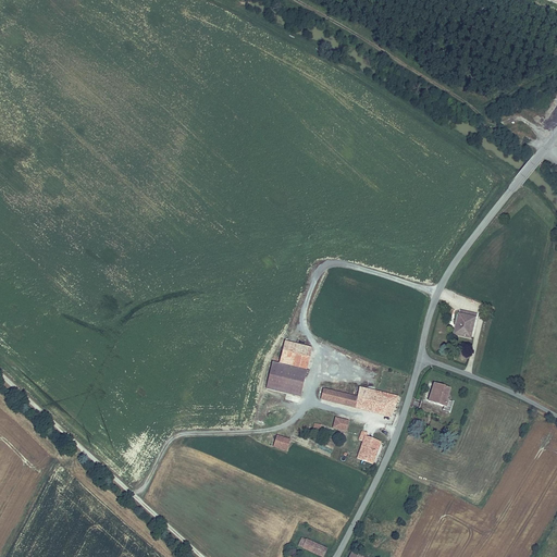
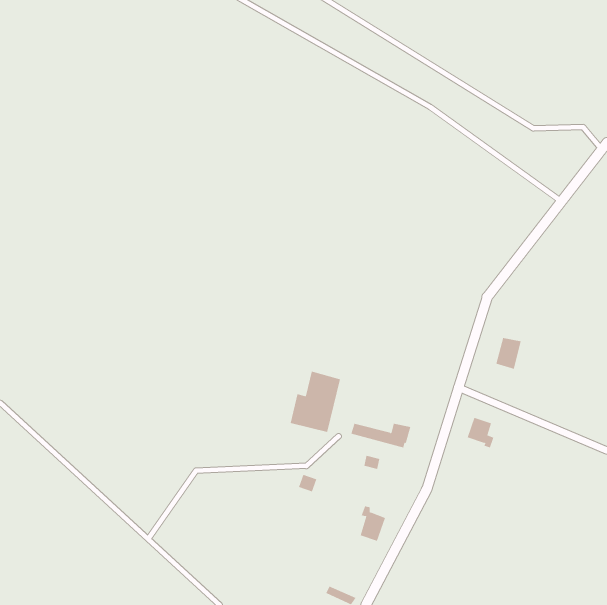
building: [370,391,397,414] -> none
building: [357,430,381,462] -> [360,506,386,542]

